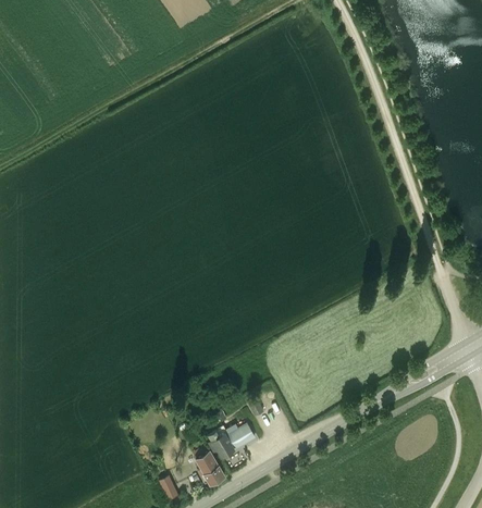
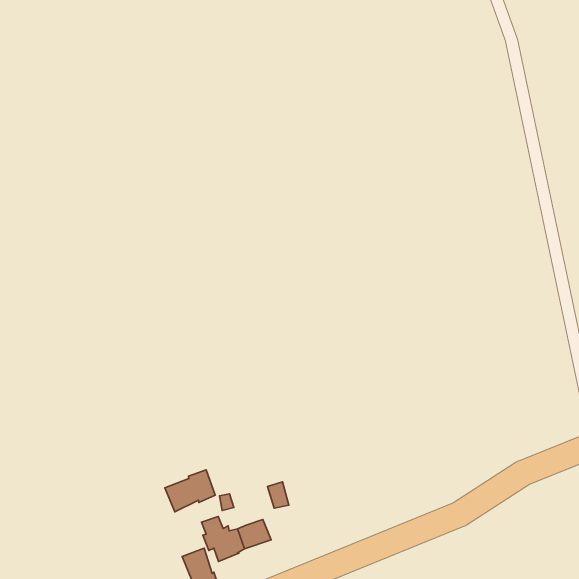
building: none -> [165,470,215,512]

